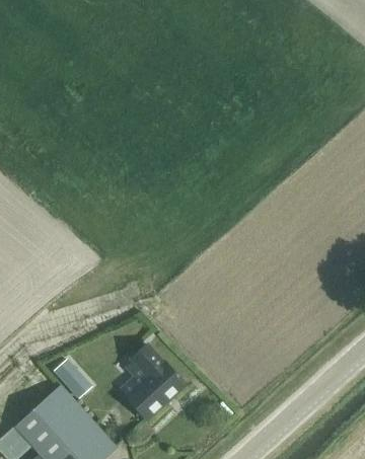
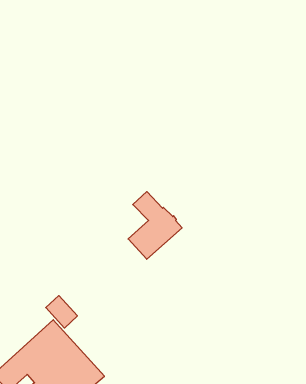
building: [126,346,185,419] -> [128,192,182,259]

